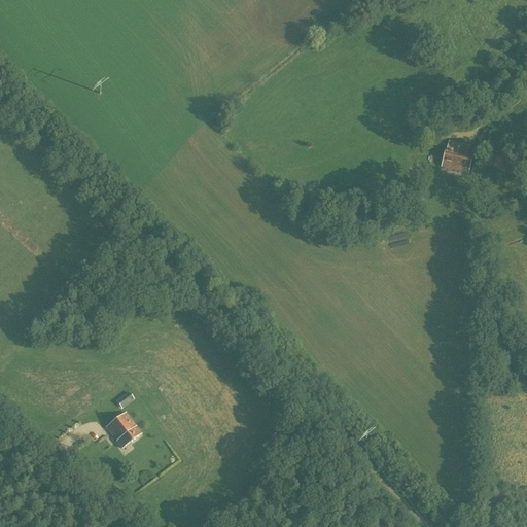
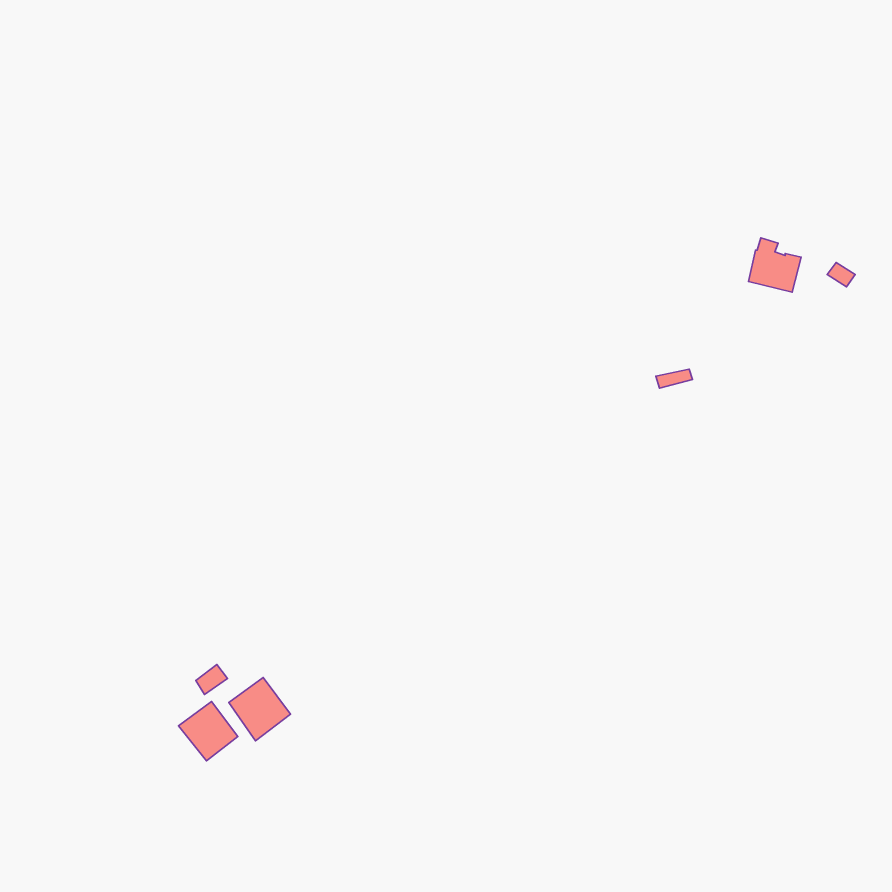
building: none -> [229,678,291,741]

